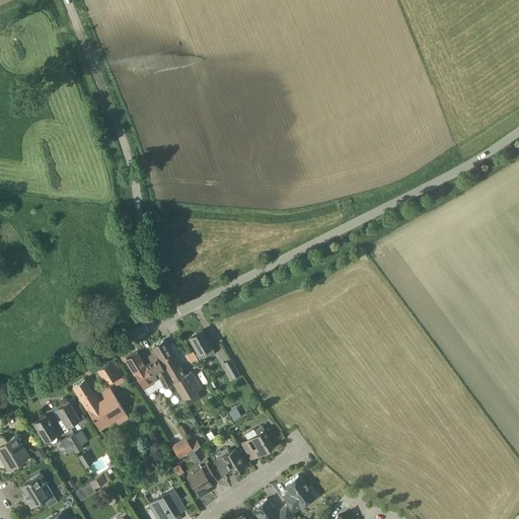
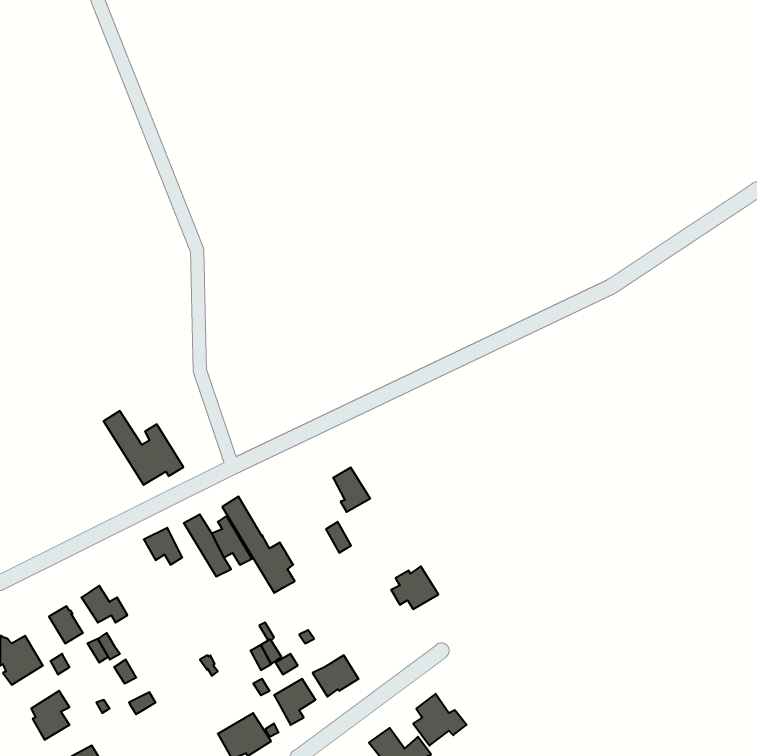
building: [190,331,215,362] -> [333,468,370,512]
building: [73,380,128,431] -> [103,411,183,485]
building: [241,427,274,456] -> [391,566,438,609]

